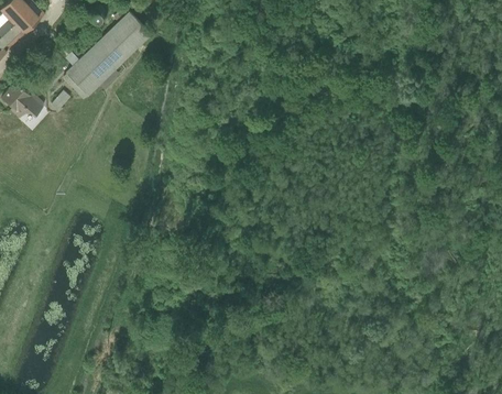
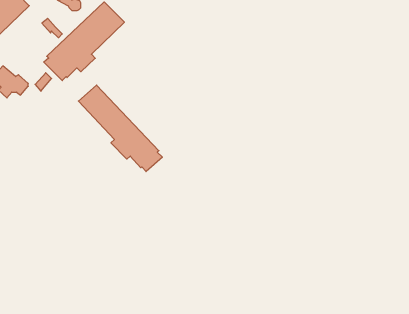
building: none -> [78,85,162,172]

